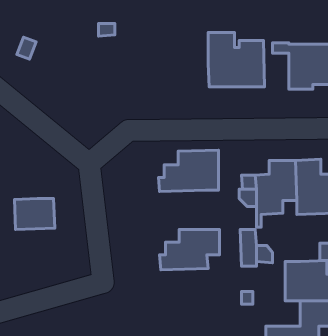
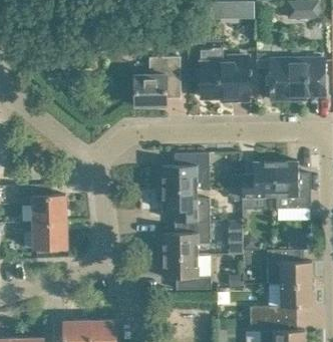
building: none -> [134,59,181,106]
building: none -> [157,189,210,223]
building: none -> [23,222,67,249]
building: none -> [158,257,211,290]

